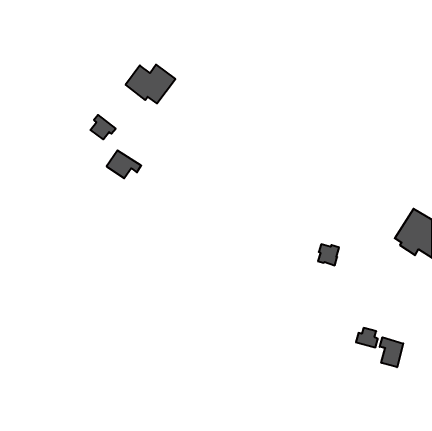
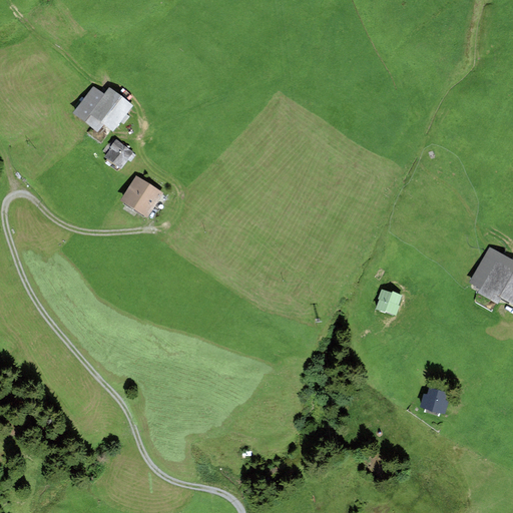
building: [126,65,175,103] -> [74,87,133,133]
building: [380,337,403,367] -> none

